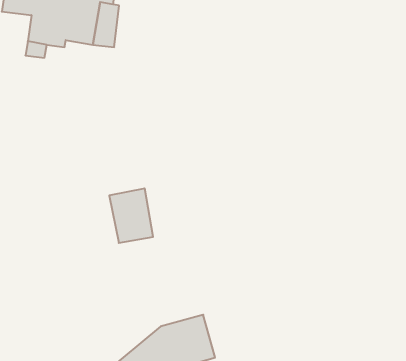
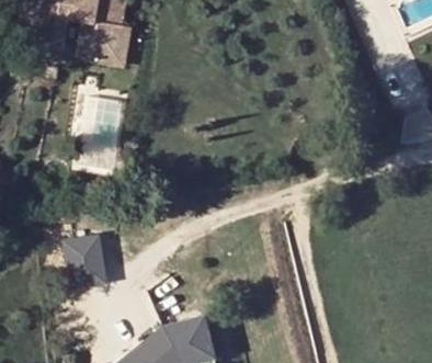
building: [109,188,153,243] -> [65,236,105,286]

